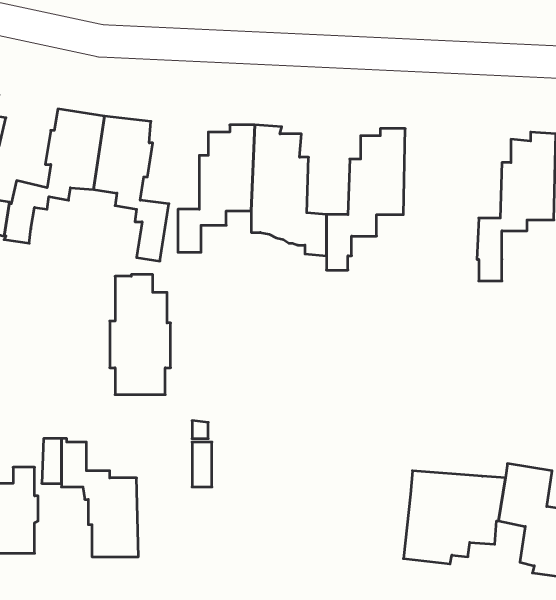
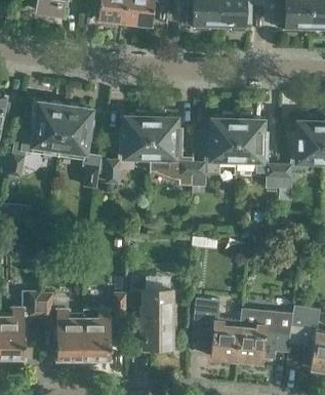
building: none -> [236,113,279,188]
building: [110,275,171,395] -> [140,278,175,347]
building: none -> [192,298,240,359]
building: none -> [83,309,113,358]

